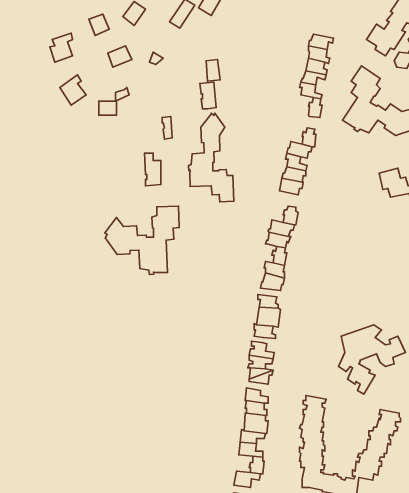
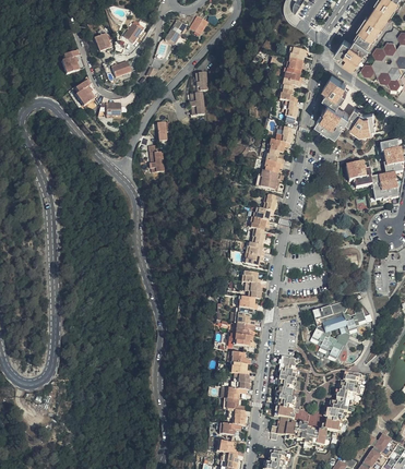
building: [189,113,234,202] -> none
building: [105,206,179,274] -> none

